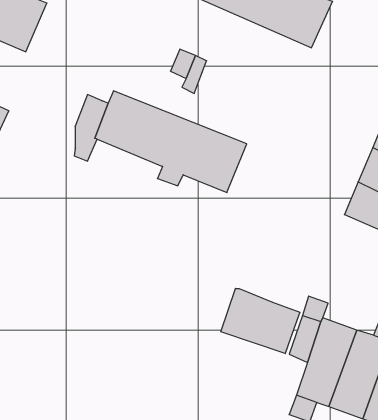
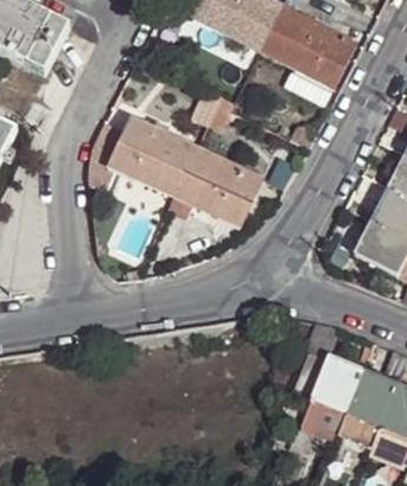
building: [221,288,300,354] -> none

